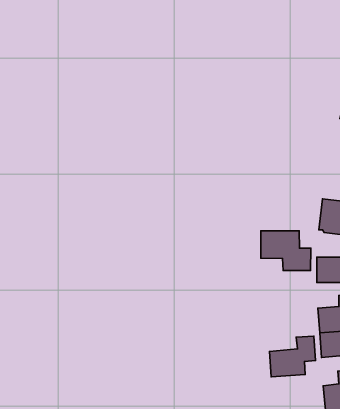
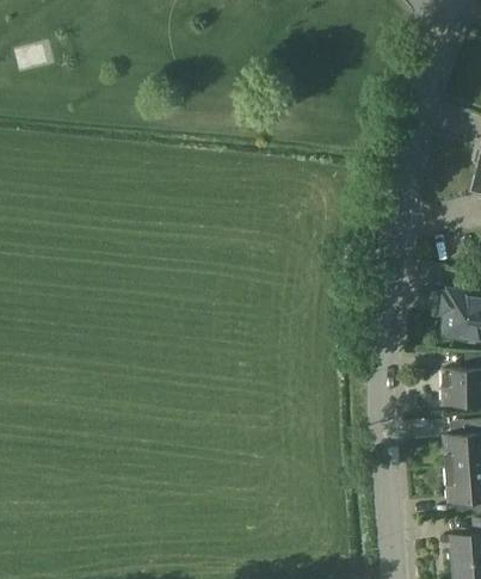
building: [261,231,311,270] -> none
building: [269,336,316,377] -> none

